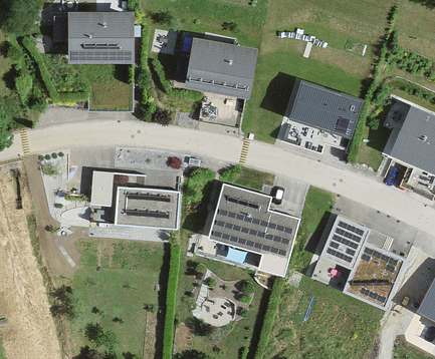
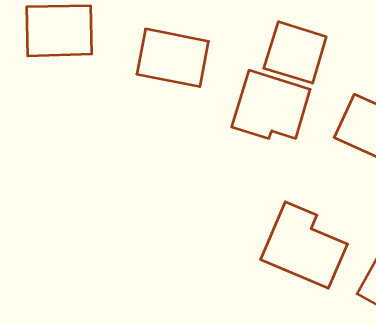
building: none -> [264,22,326,83]
building: [90,170,179,228] -> none
building: [206,184,301,281] -> none

